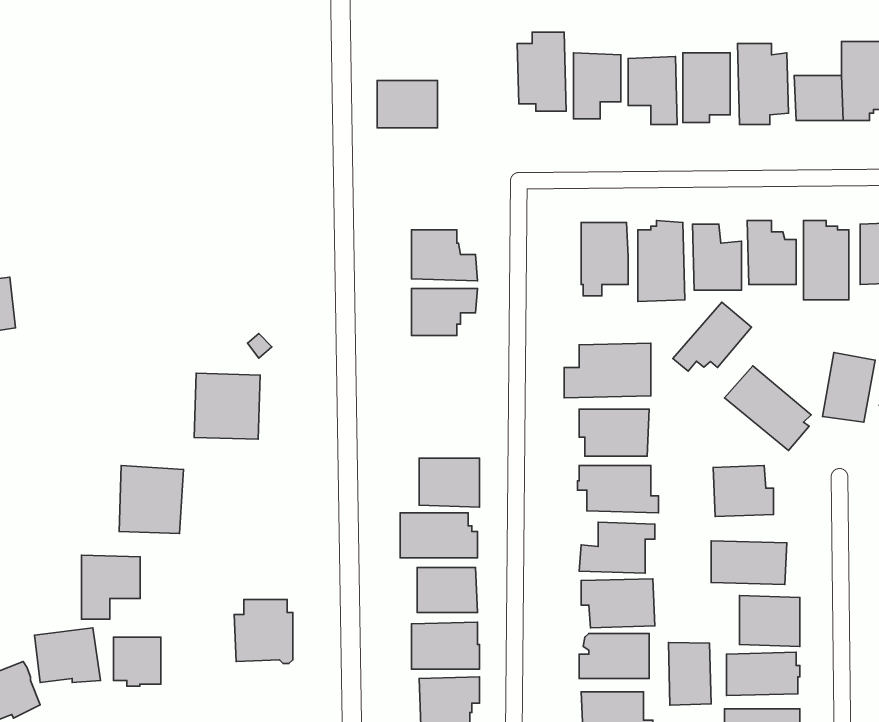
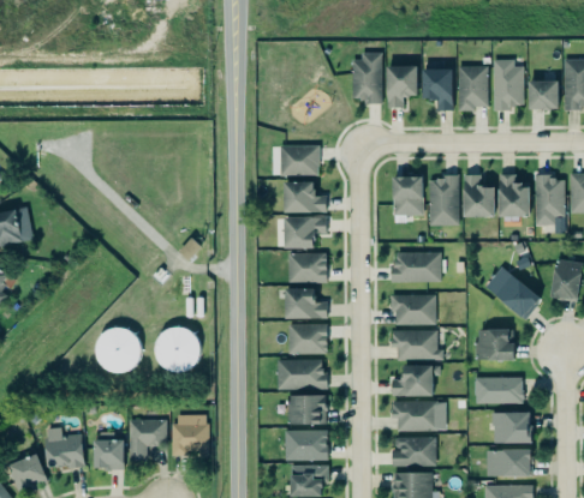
building: [377,81,437,128] -> [280,144,318,174]
building: [673,302,751,371] -> none
building: none -> [288,252,326,280]
building: [194,373,260,439] -> [156,329,198,371]
building: none -> [285,286,327,316]
building: [82,555,140,619] -> [130,419,167,460]
building: [668,643,711,705] -> none

